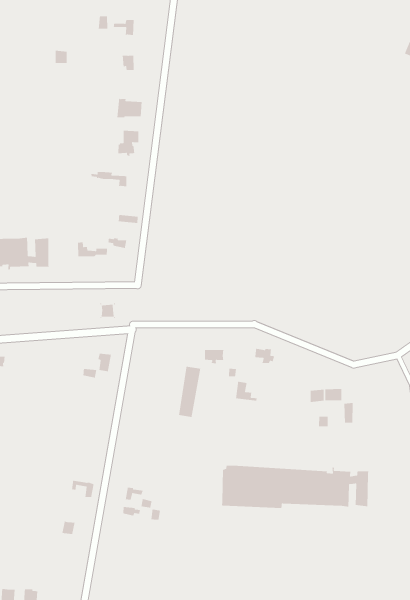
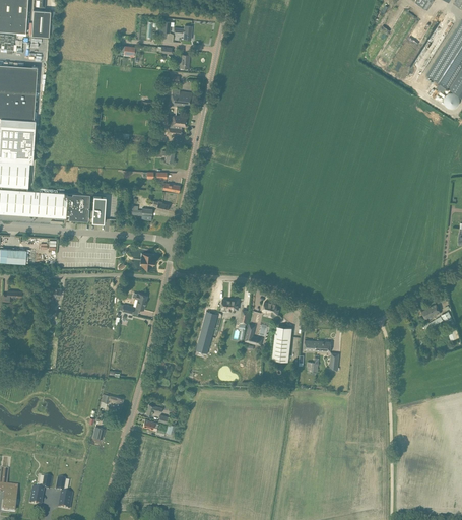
building: none -> [272,326,292,363]
building: [221,465,369,509] -> none

